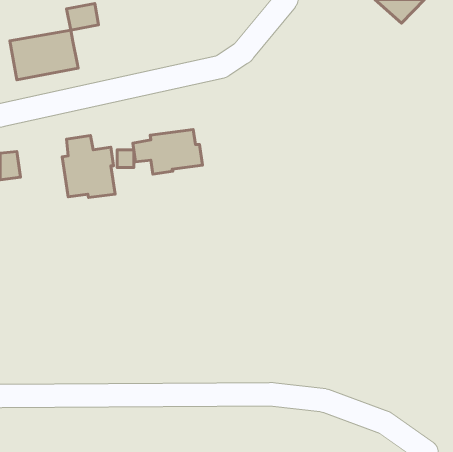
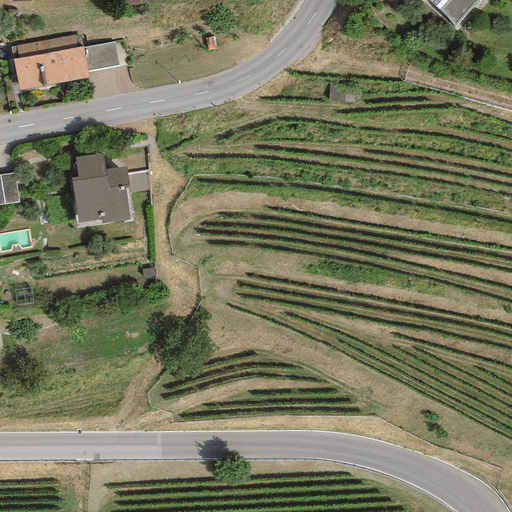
building: [66,4,98,30] -> [82,41,118,71]
building: [133,129,203,174] -> none

